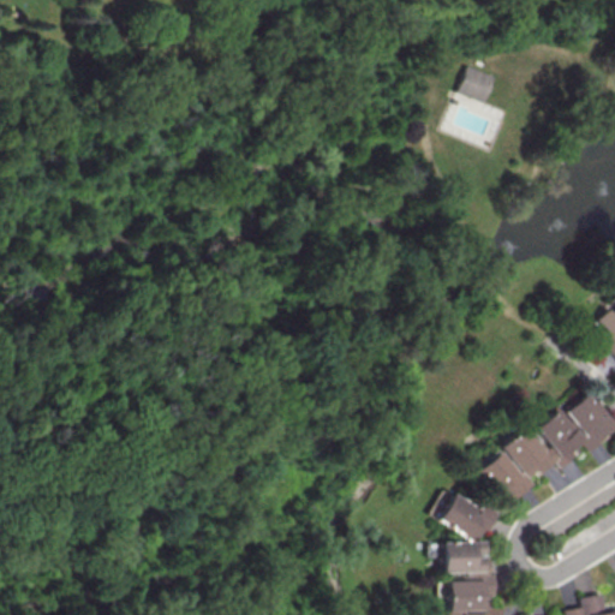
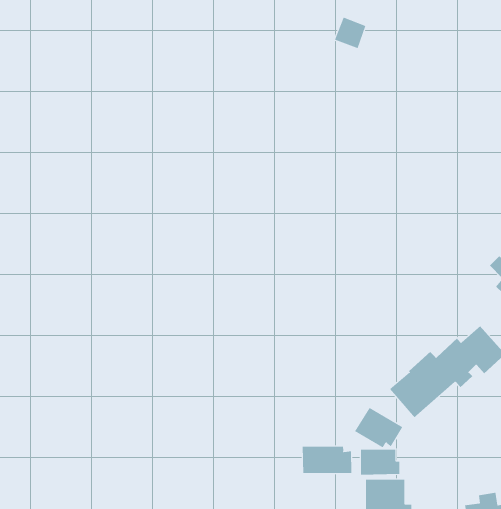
building: [460,65,498,103] -> [334,17,366,49]
building: none -> [302,446,352,474]

